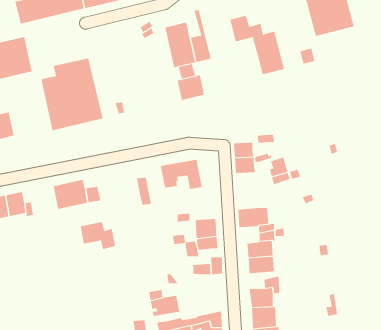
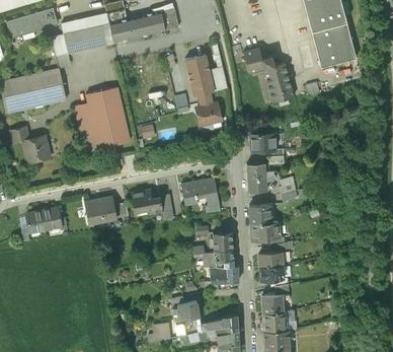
building: none -> [250,134,276,152]
building: none -> [249,205,270,224]
building: [80,222,116,250] -> [130,190,162,215]

